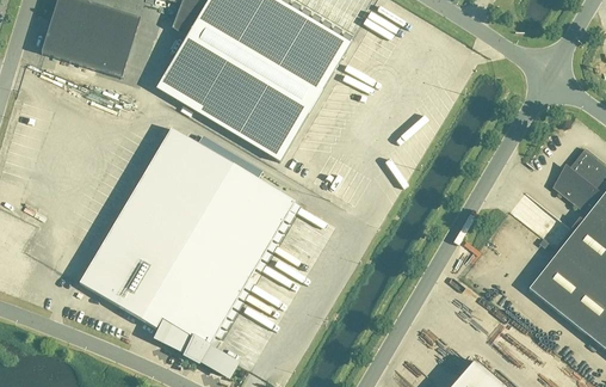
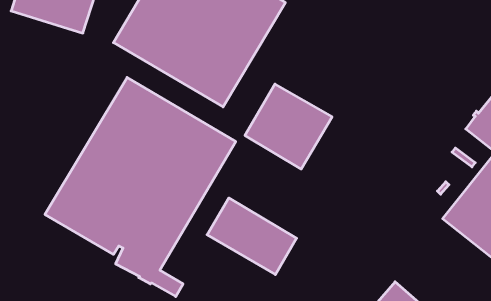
building: none -> [245,84,332,169]
building: none -> [207,198,297,275]

